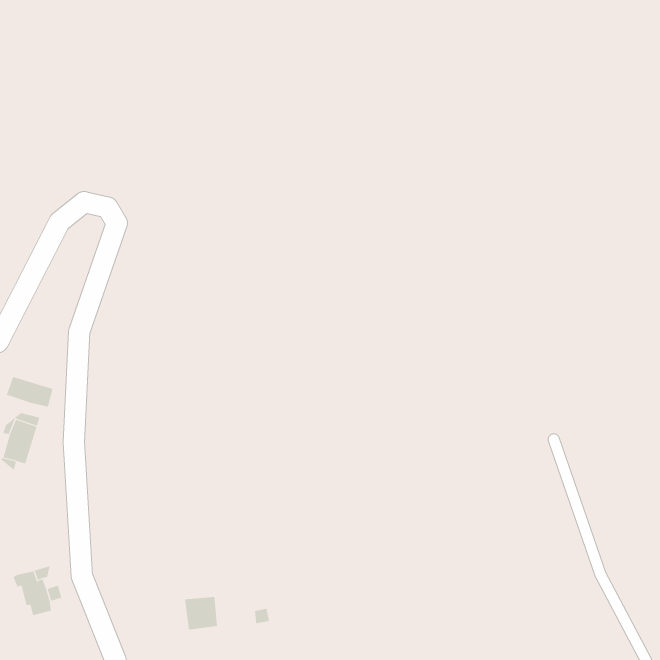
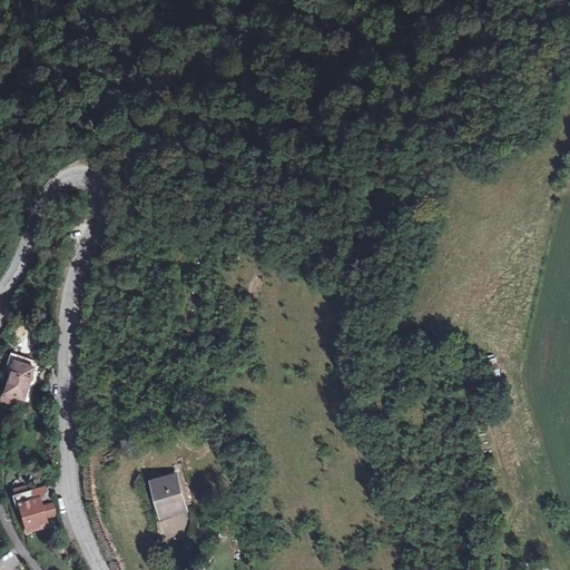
building: [6,376,53,408] -> none
building: none -> [154,475,183,512]

